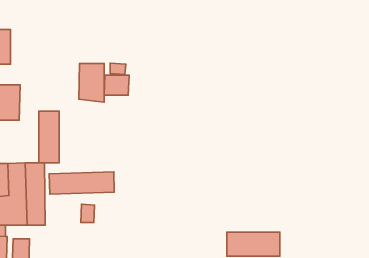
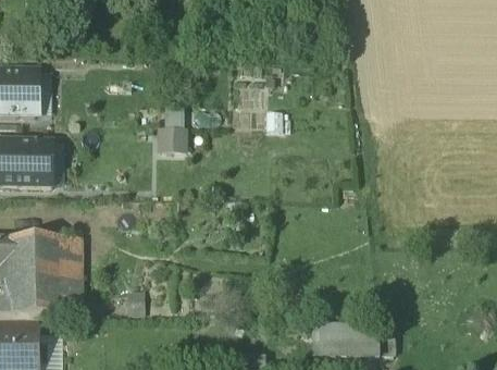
building: [79,63,104,102] -> none
building: [39,111,59,163] -> none
building: [49,172,114,194] -> none

